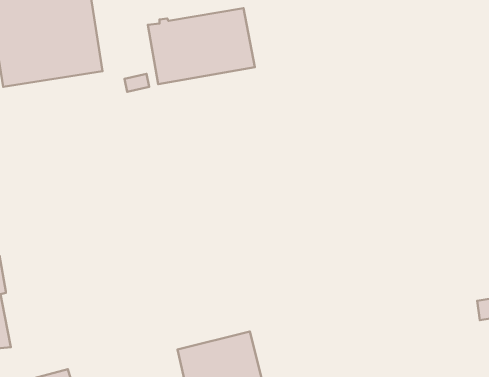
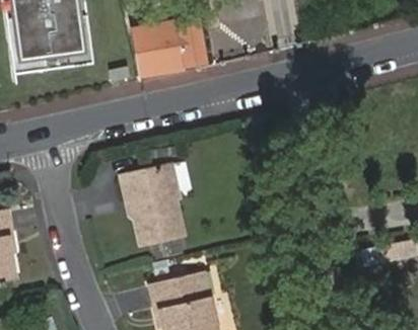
building: none -> [124,163,185,243]

